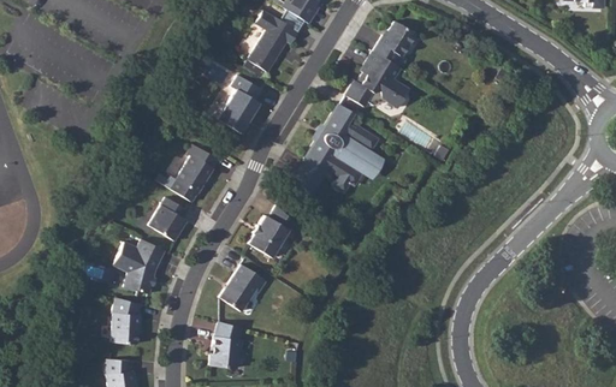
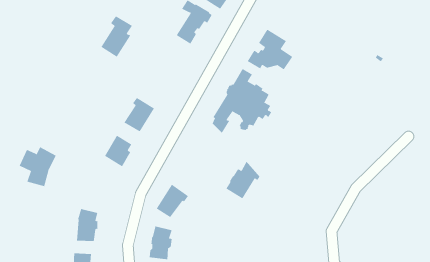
building: [373,20,415,61] -> none
building: [218,75,262,132] -> [101,15,133,57]
building: [248,203,296,256] -> [225,161,260,199]
building: [113,238,165,293] -> [19,147,56,187]

